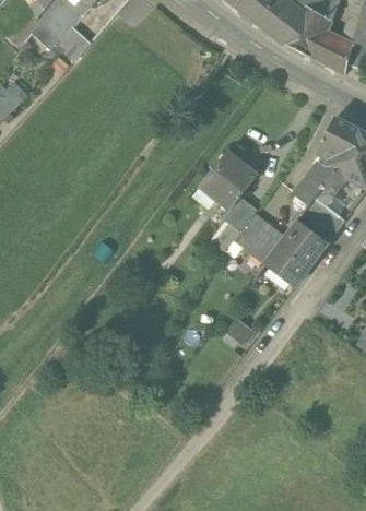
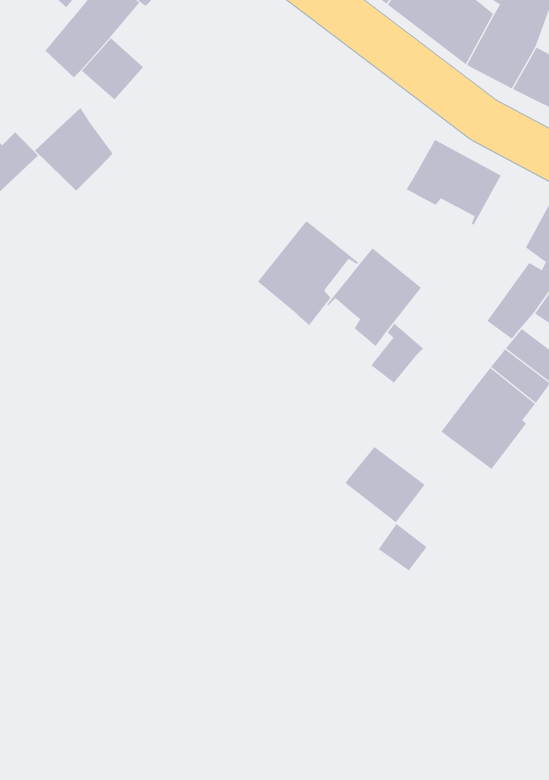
building: none -> [34,107,113,192]
building: none -> [406,139,501,225]
building: none -> [257,220,359,326]
building: [237,213,285,259] -> [345,446,426,523]

